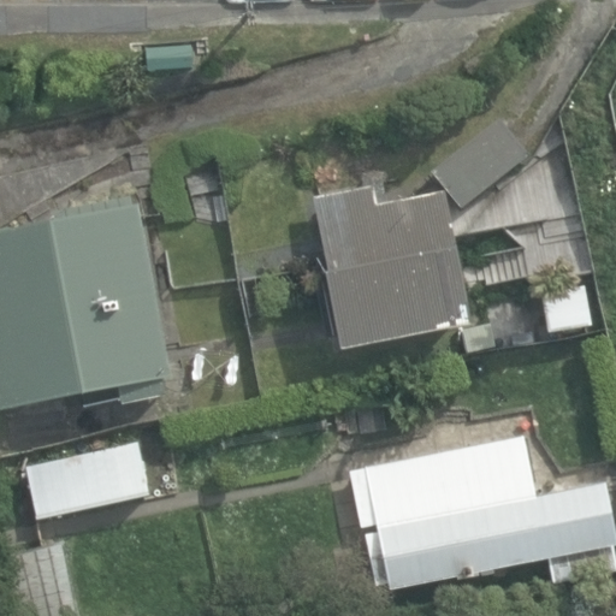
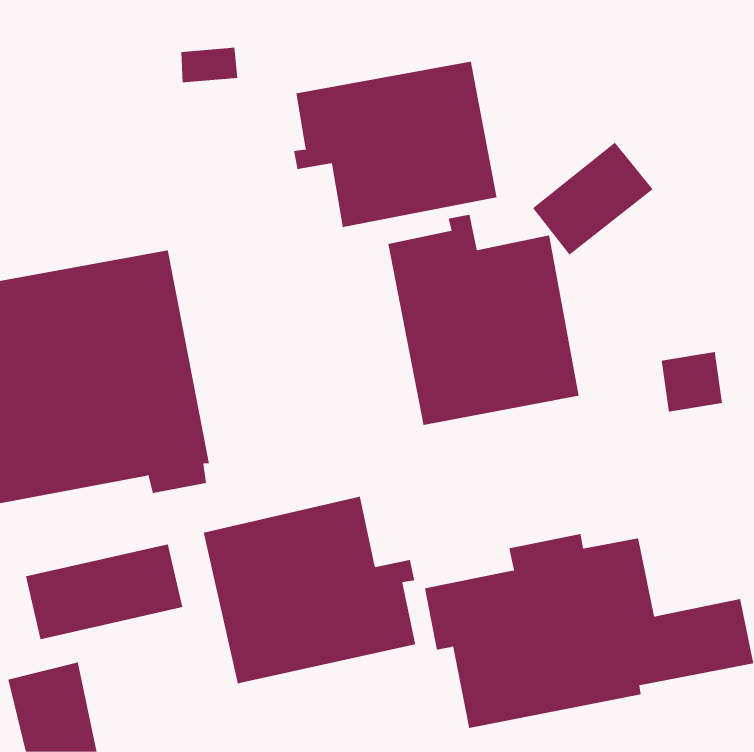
building: none -> [294,61,497,228]
building: none -> [203,496,416,684]

